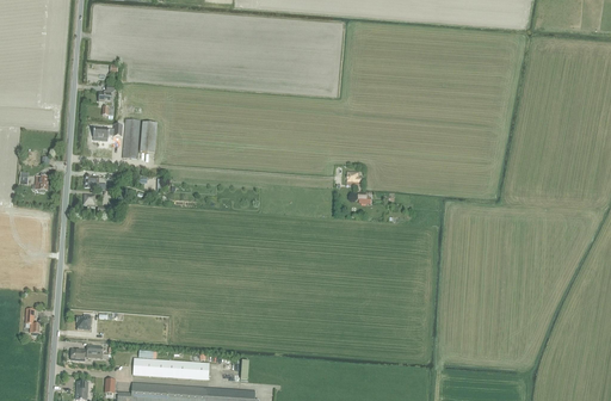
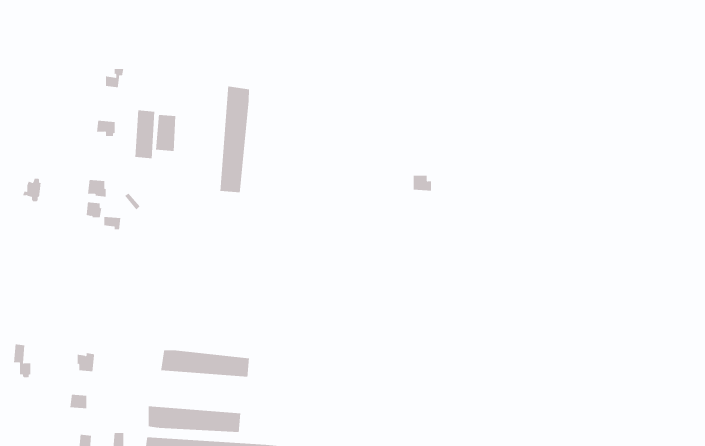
building: none -> [220,85,250,193]
building: none -> [160,349,249,378]

